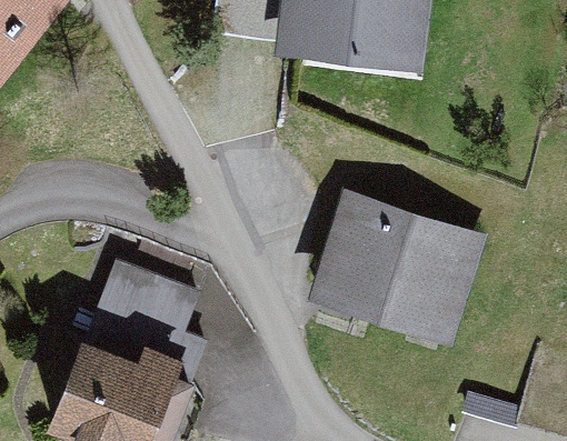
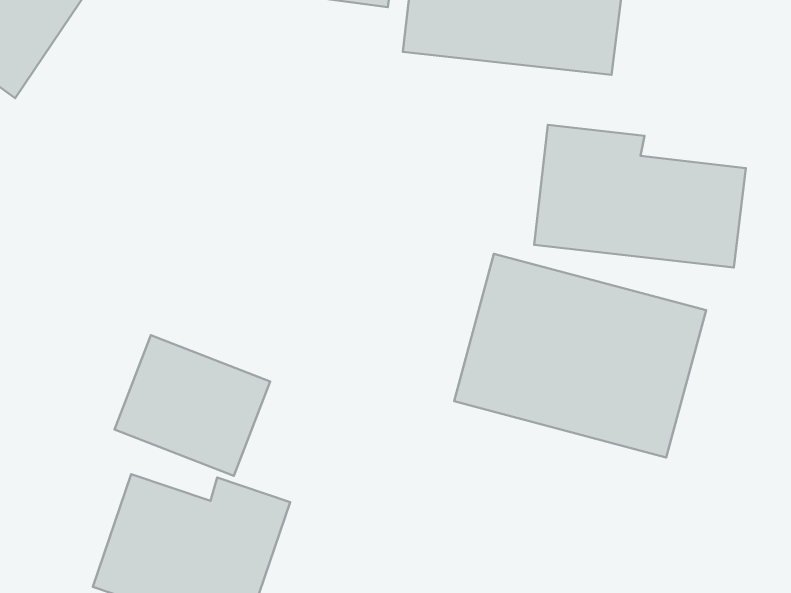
building: none -> [534,125,746,268]

